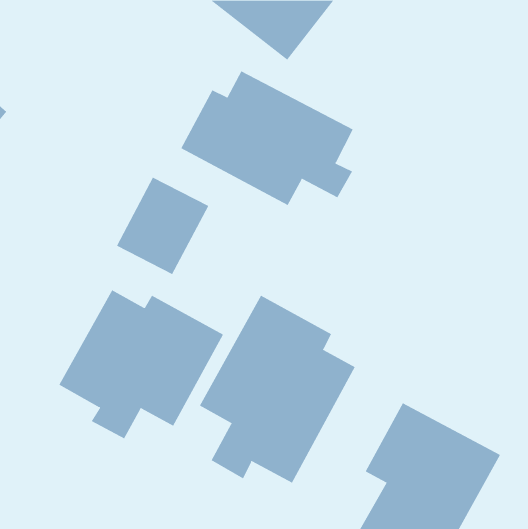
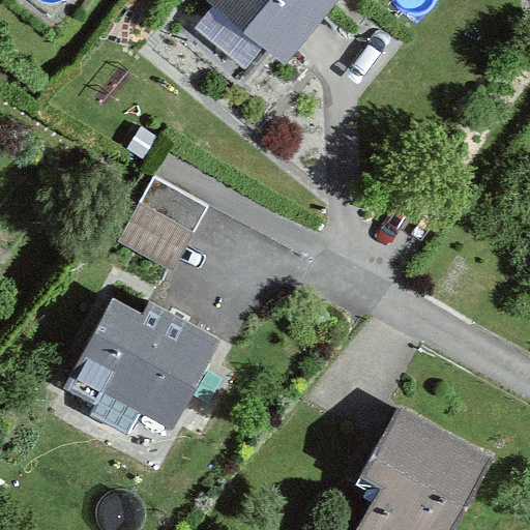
building: [181,70,353,206] -> none
building: [199,295,355,483] -> none

